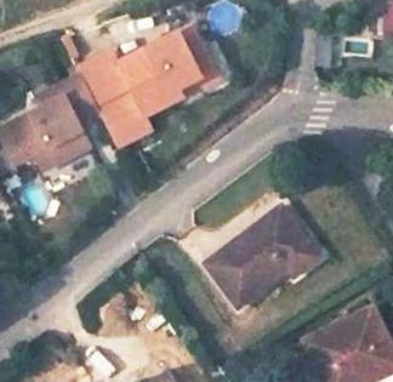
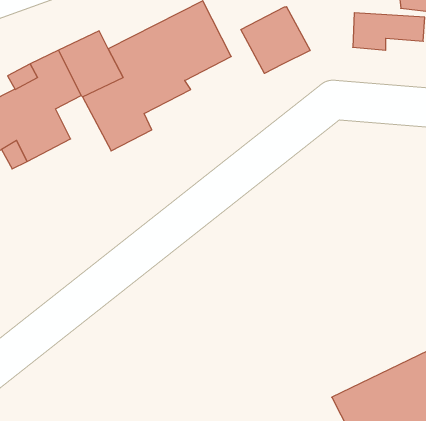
building: none -> [241,7,310,73]
building: [205,205,319,306] -> none

